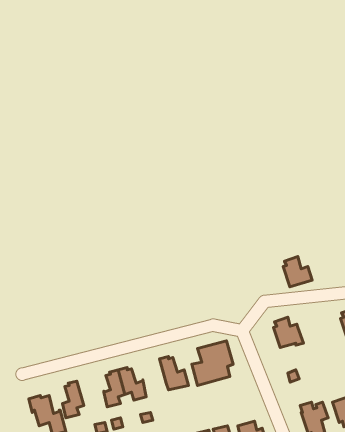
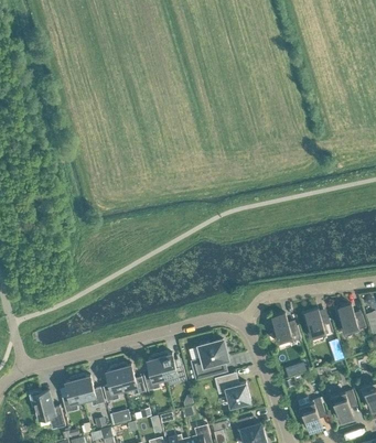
building: [283,257,312,287] -> [304,310,333,339]
building: none -> [142,355,165,391]
building: none -> [215,372,253,409]
building: none -> [77,375,106,407]

